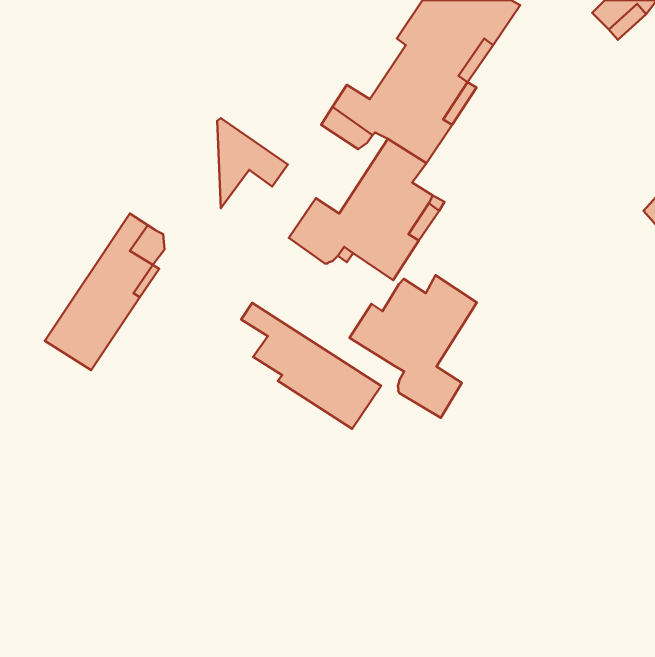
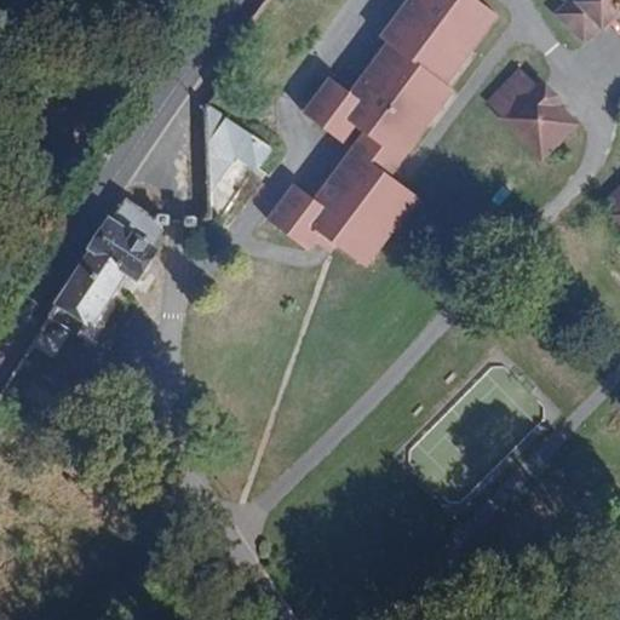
building: none -> [487,73,570,155]
building: [350,275,477,418] -> none
building: [241,303,381,429] -> none

